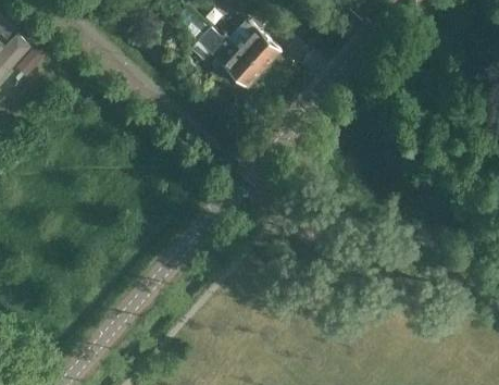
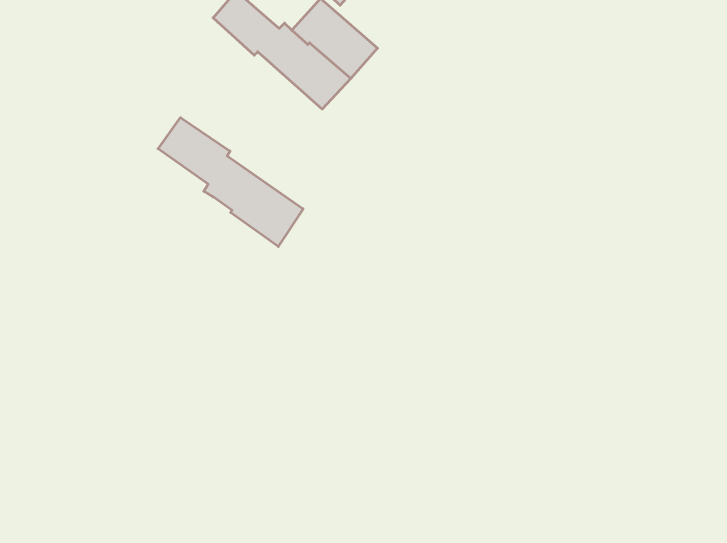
building: none -> [158,118,303,247]

